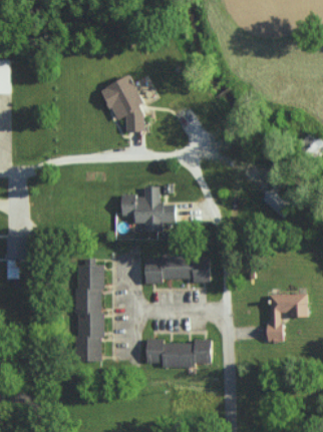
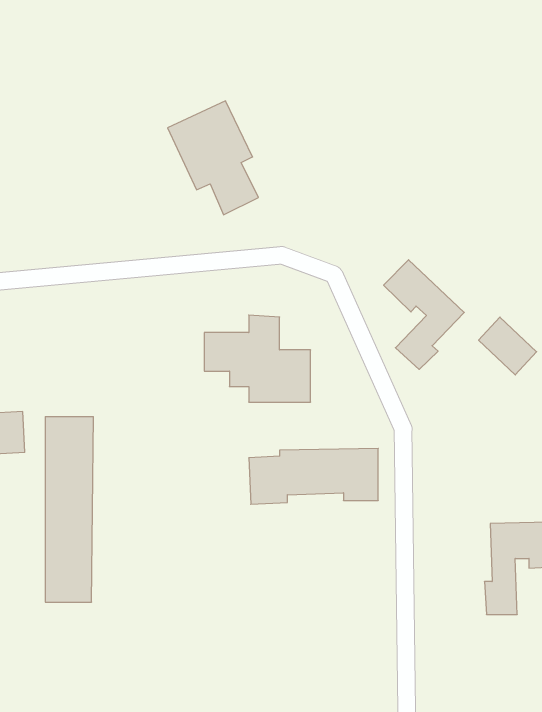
building: none -> [384,260,464,369]
building: [77,266,102,362] -> [45,417,93,602]
building: [145,339,211,366] -> none

